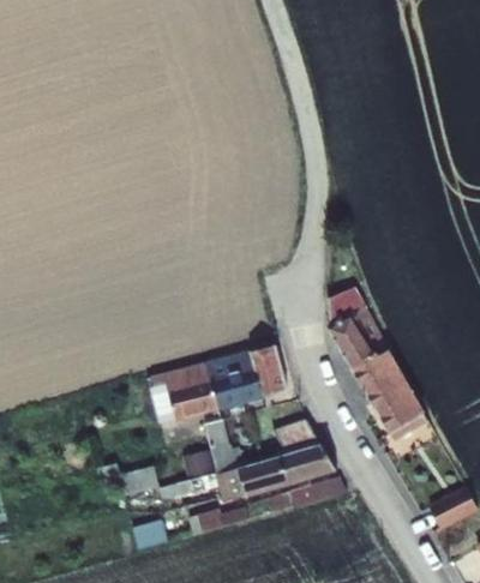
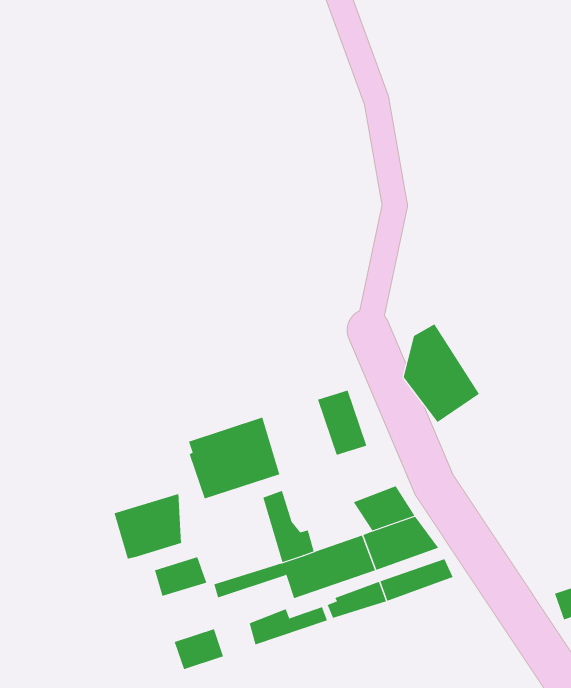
building: [218,348,272,403] -> none
building: [350,350,424,438] -> none
building: none -> [114,493,182,560]

